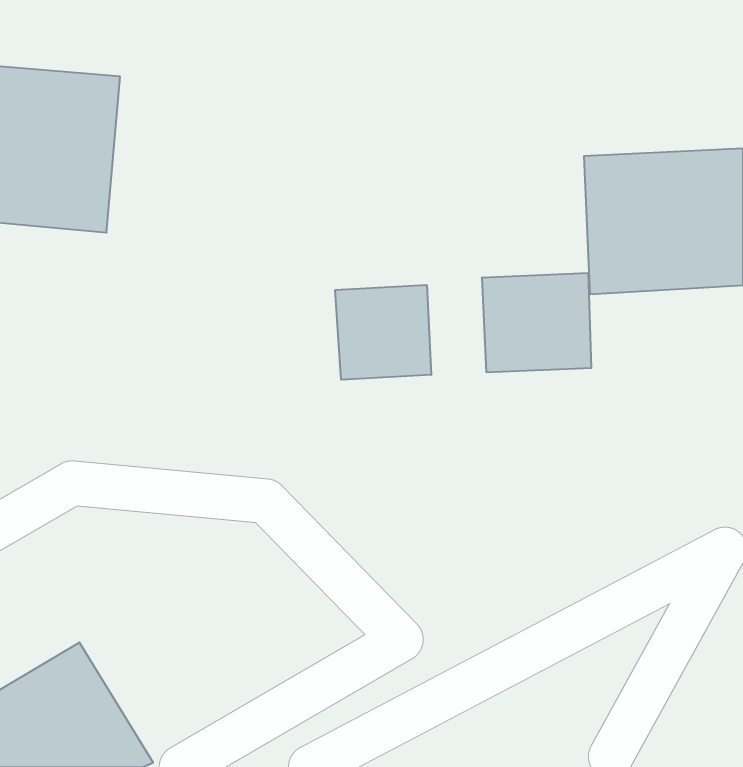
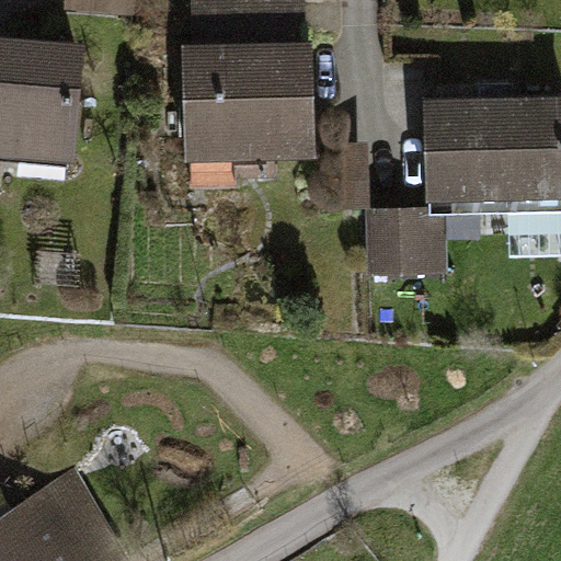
building: none -> [185,7,321,174]
building: [335,285,431,380] -> none

